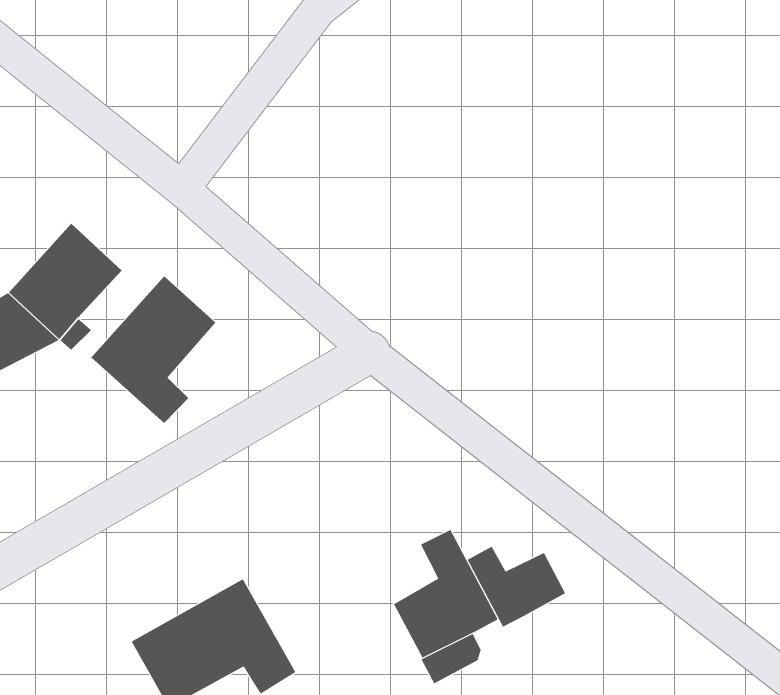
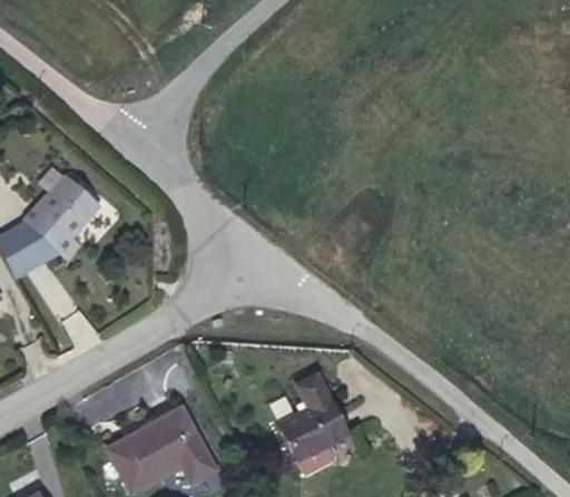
building: [91,275,216,424] -> none
building: [467,546,566,628] -> none

